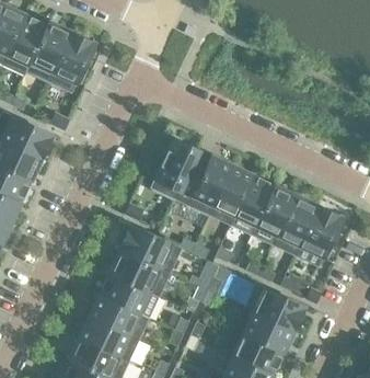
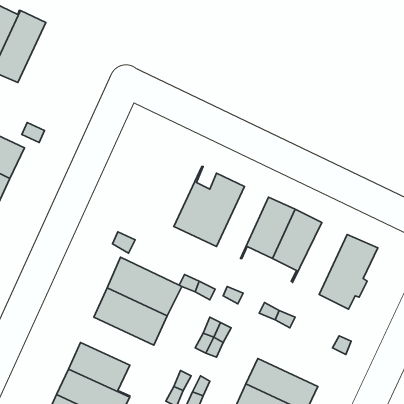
building: [48,32,96,93] -> none
building: [154,138,199,199] -> none
building: [211,167,254,226] -> none
building: [274,196,319,255] -> none
building: [100,274,160,313] -> none
building: [245,287,307,331] -> none

